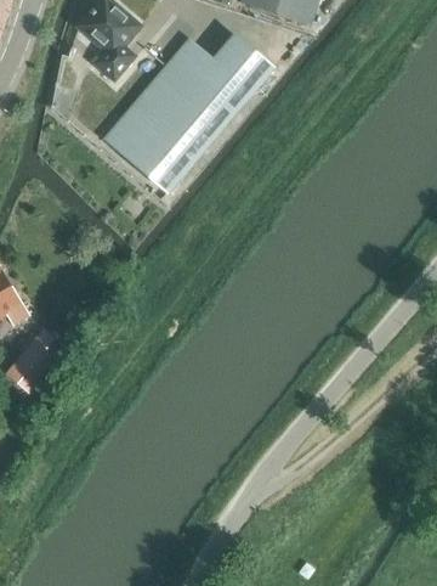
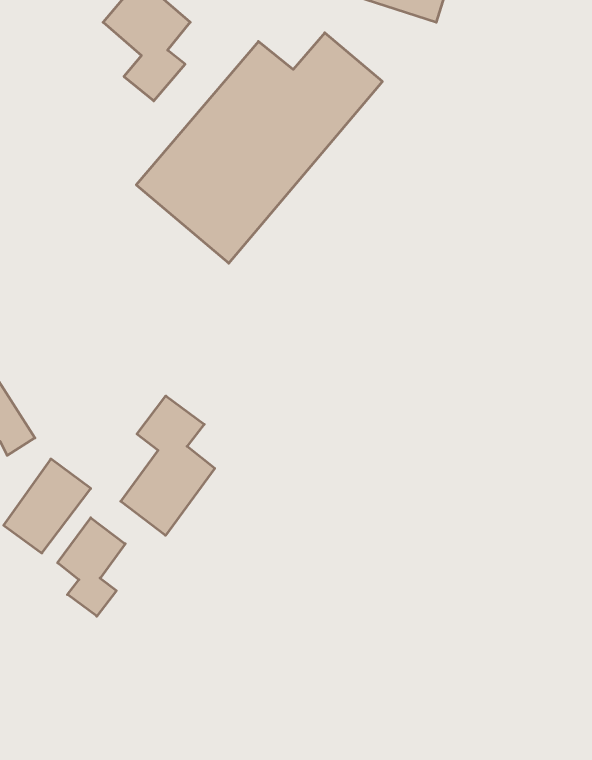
building: none -> [121,396,215,535]
building: none -> [58,518,125,616]

